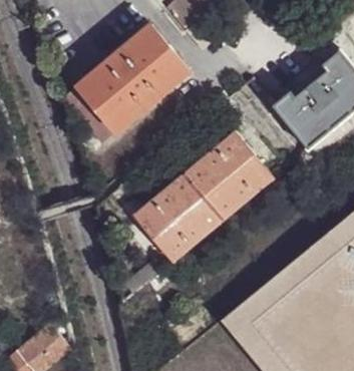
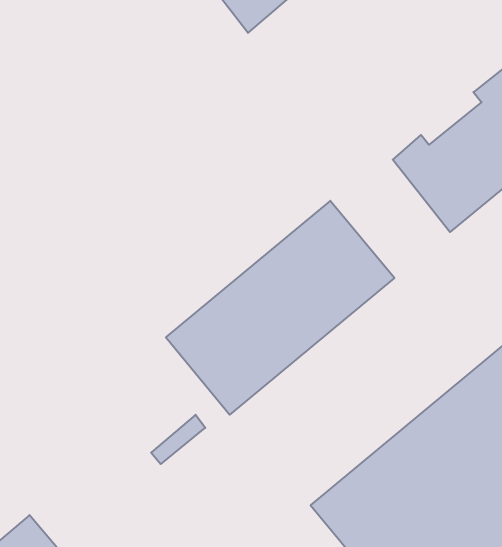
building: [64,26,189,144] -> none

